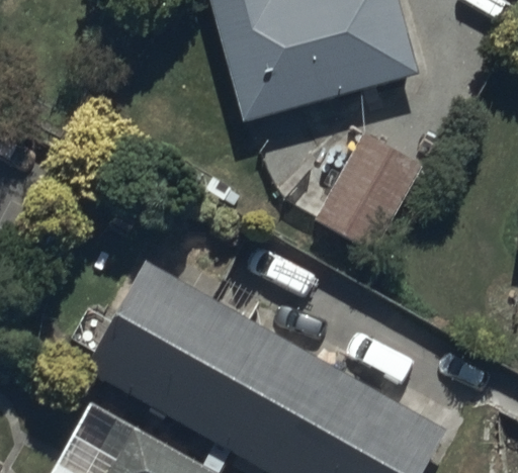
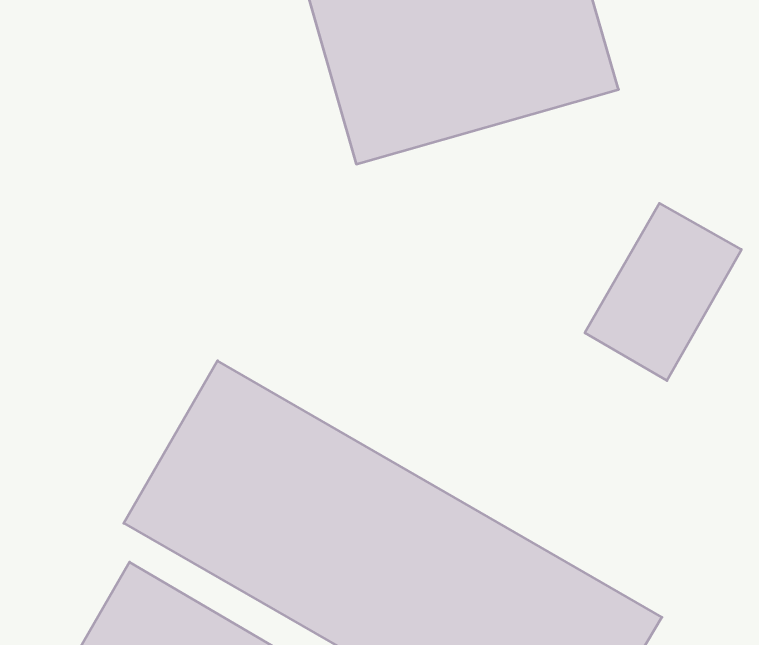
building: [317,134,423,255] -> [585,203,741,381]

